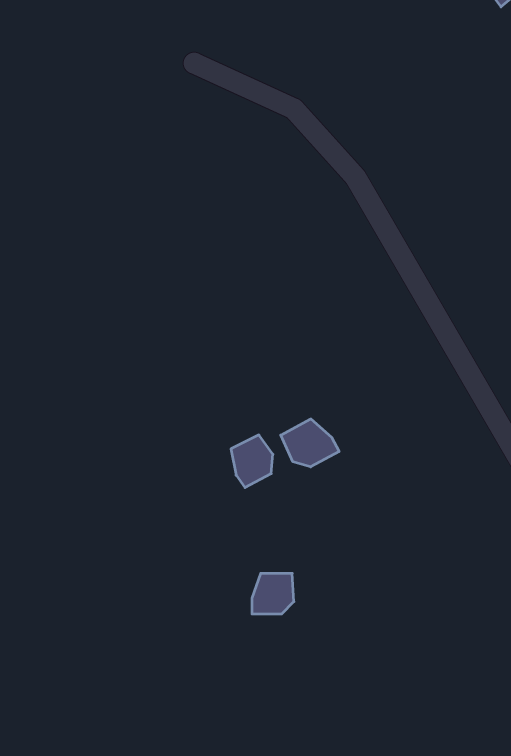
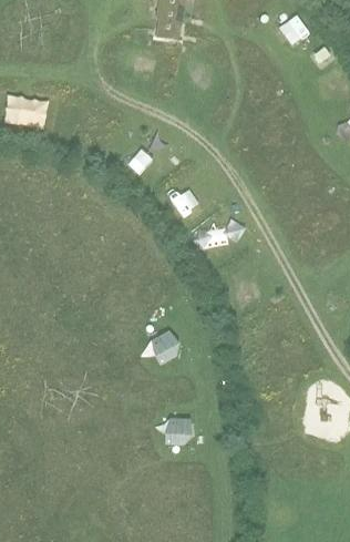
building: [281,419,339,467] -> none

